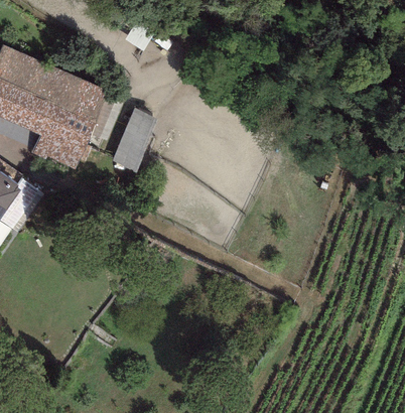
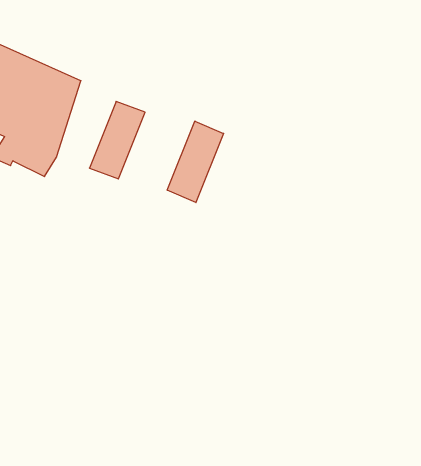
building: none -> [167,121,224,203]

